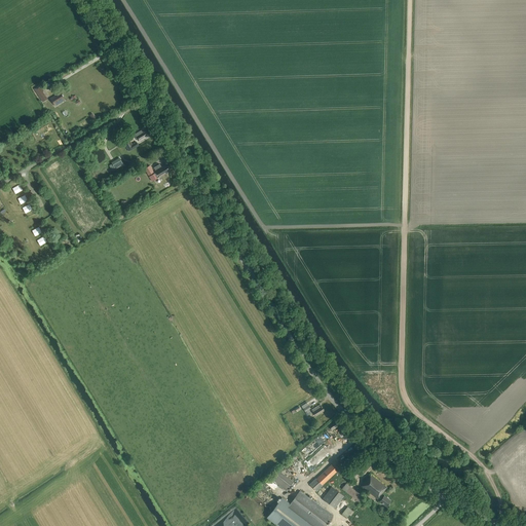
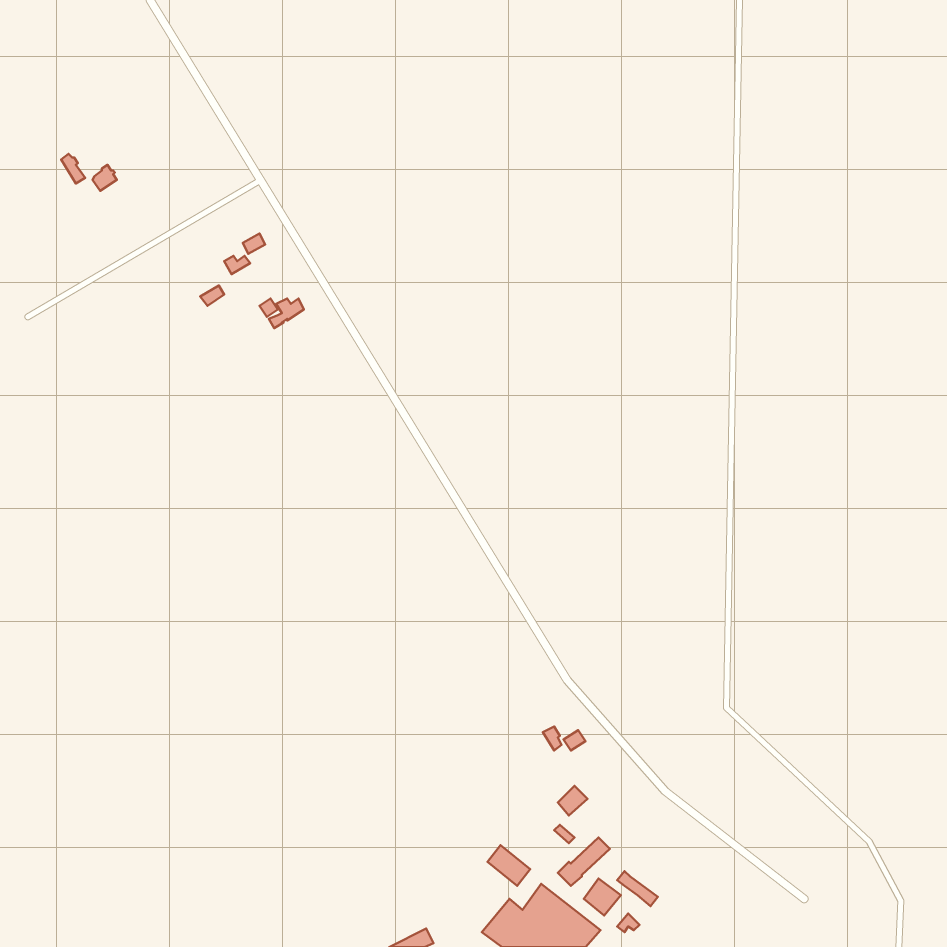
building: [362,475,391,506] -> none

